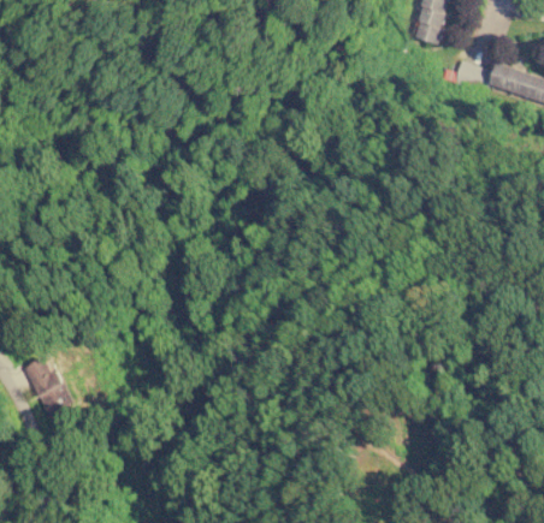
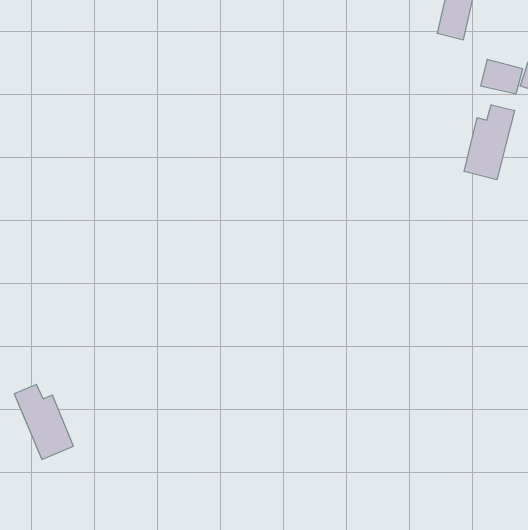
building: none -> [464,105,515,180]

